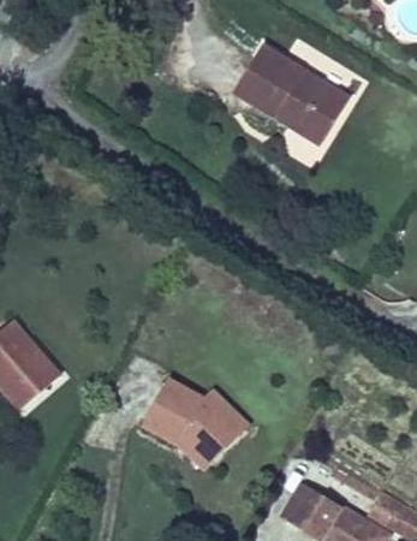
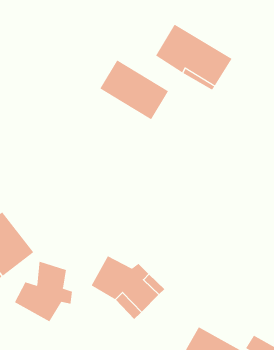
building: none -> [100,60,169,120]
building: none -> [14,261,73,322]

